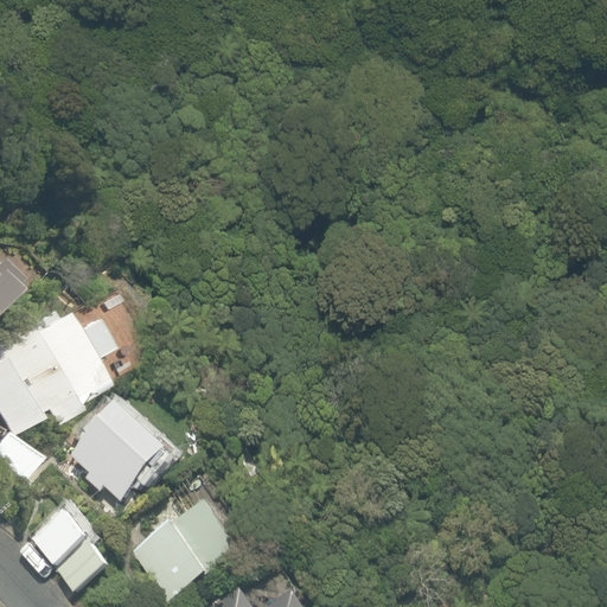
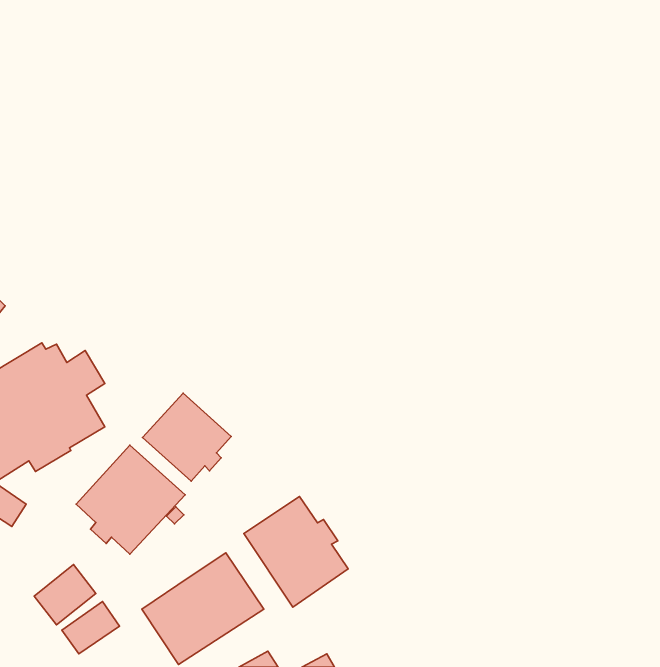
building: none -> [142,393,231,481]
building: none -> [244,496,348,607]

